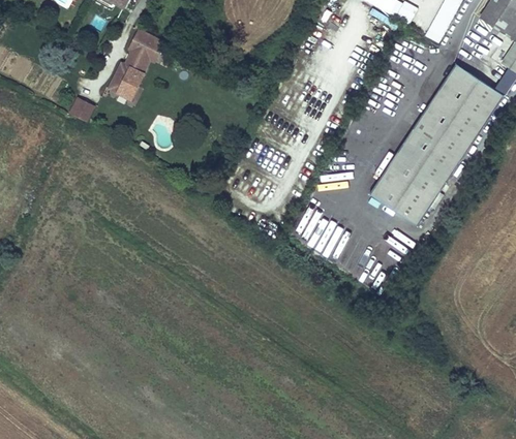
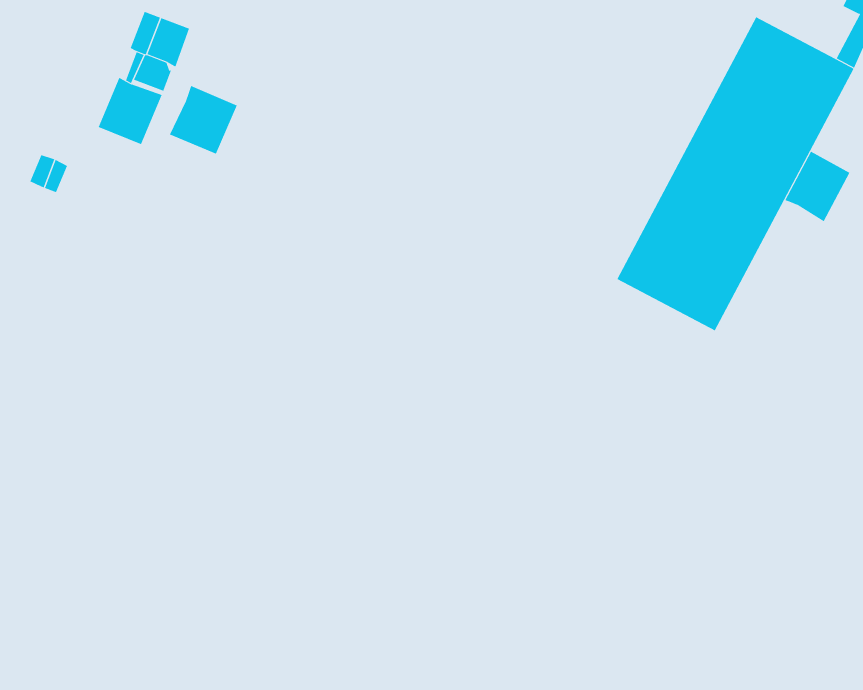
building: none -> [169,85,238,155]
building: none -> [785,151,850,222]

